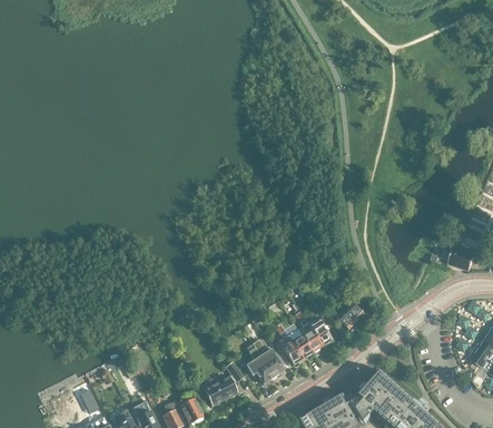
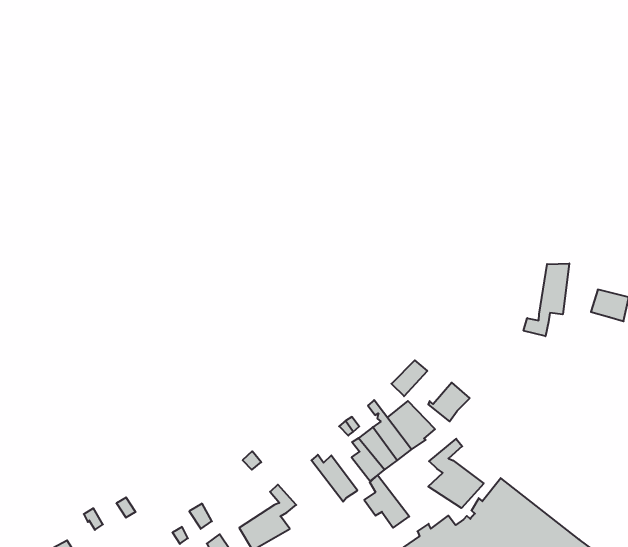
building: none -> [524,263,569,336]
building: none -> [428,439,484,508]
building: [245,347,274,382] -> [364,475,409,528]

